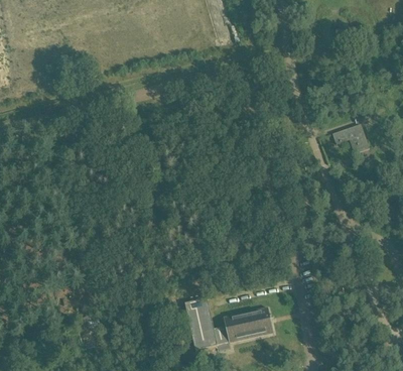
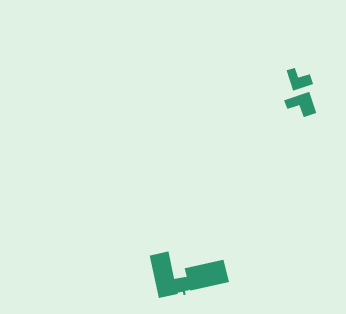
building: none -> [286,67,314,91]

